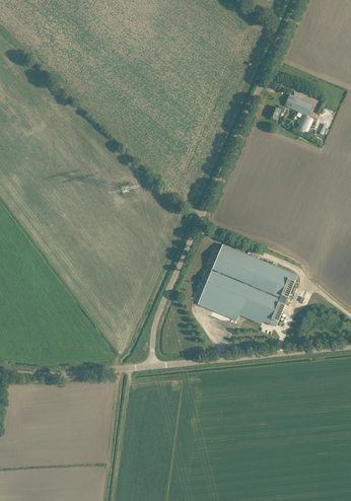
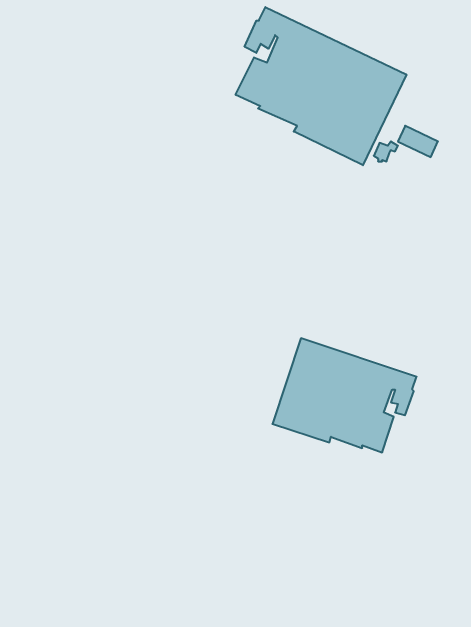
building: none -> [236,7,406,165]

